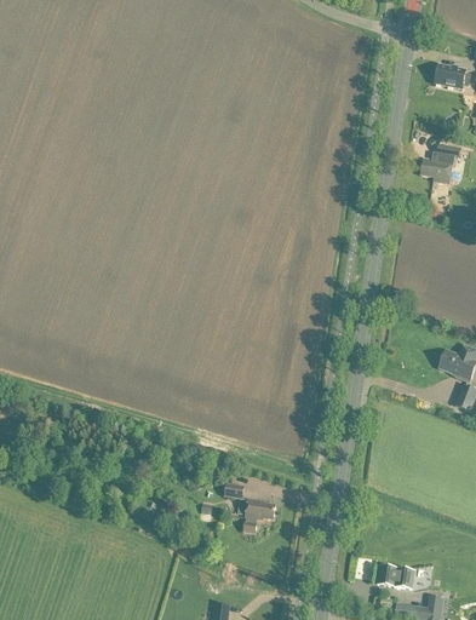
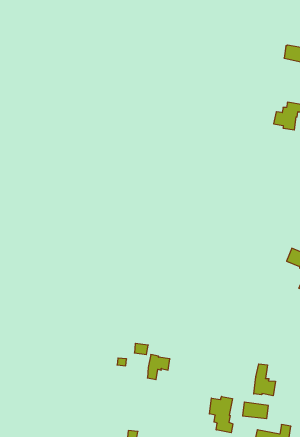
building: none -> [254,364,275,396]
building: none -> [209,396,233,433]

